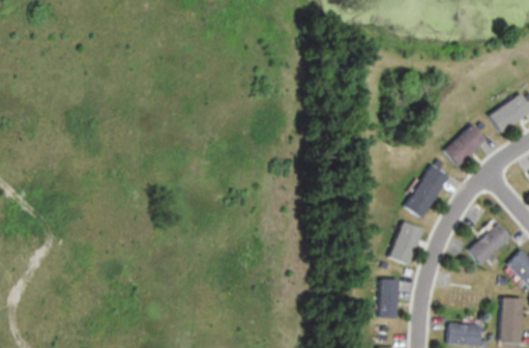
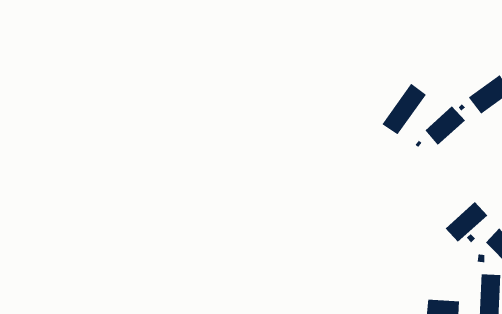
building: [403,164,449,218] -> [382,83,427,135]
building: [386,221,421,265] -> none
building: [377,278,396,318] -> none

